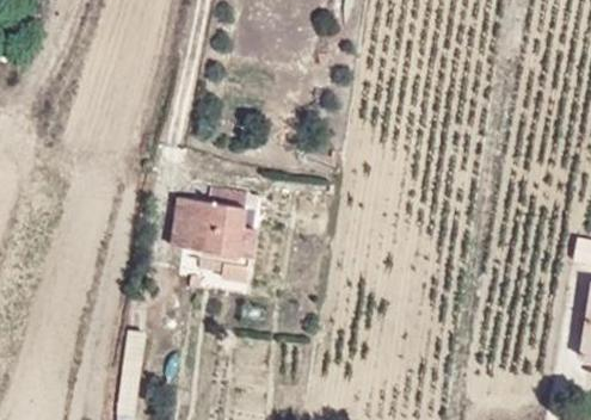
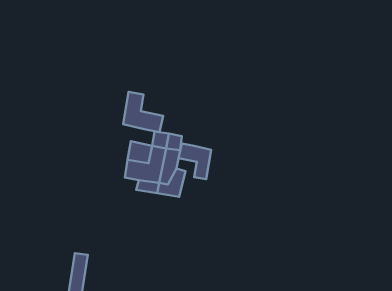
building: none -> [123,92,163,132]
building: none -> [179,143,211,179]

